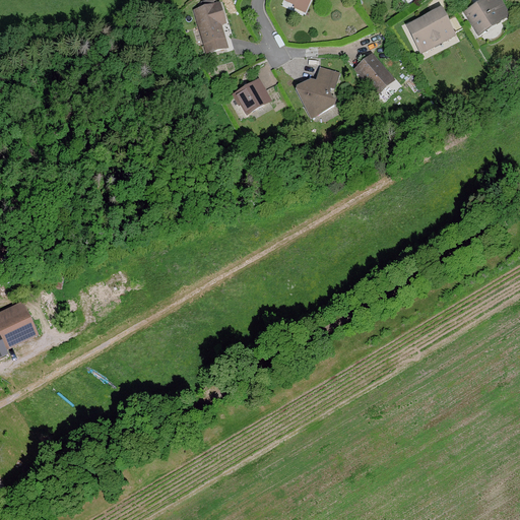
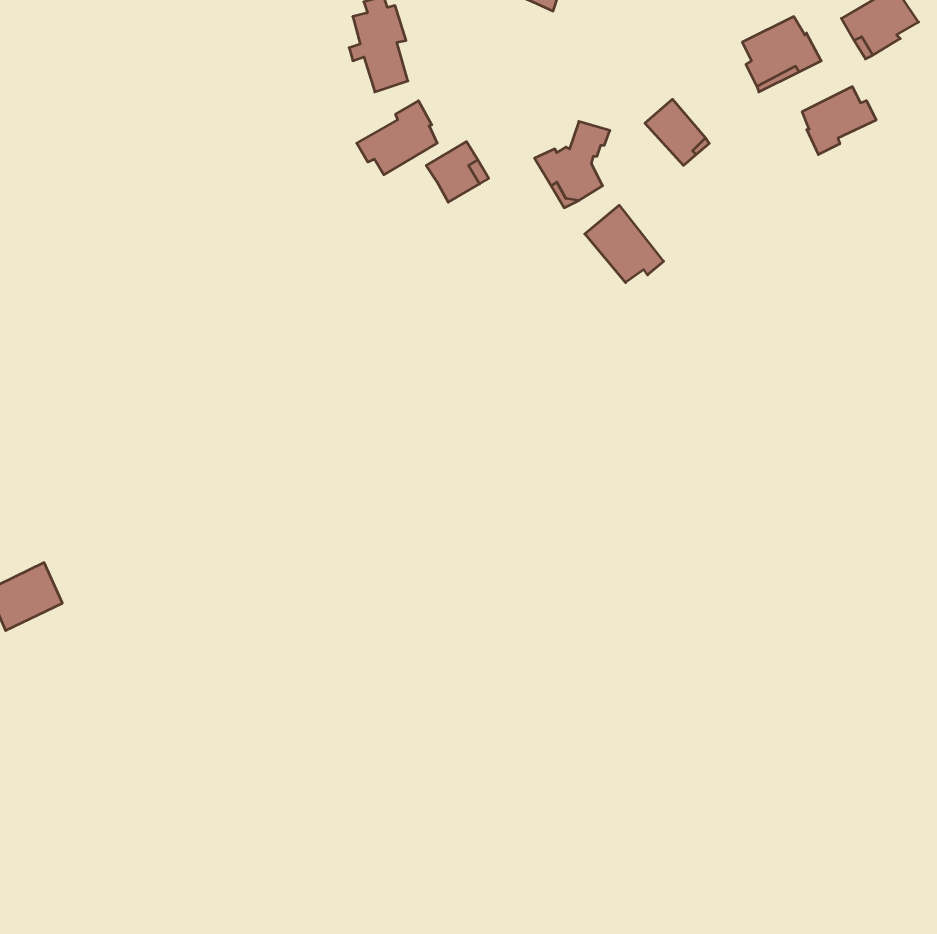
building: none -> [802,87,876,155]
building: none -> [357,101,437,175]
building: none -> [585,205,664,283]

